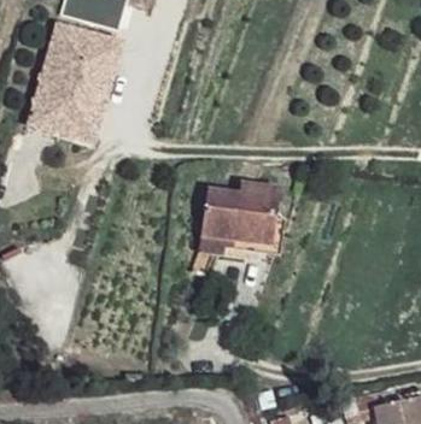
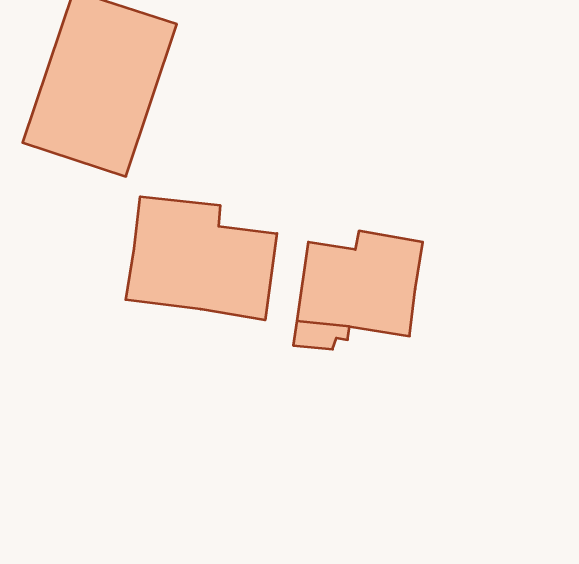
building: none -> [126,197,277,320]

